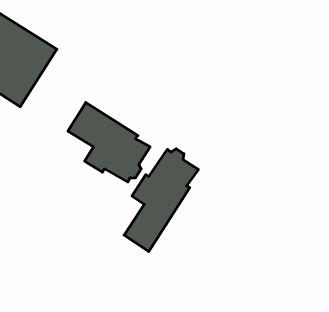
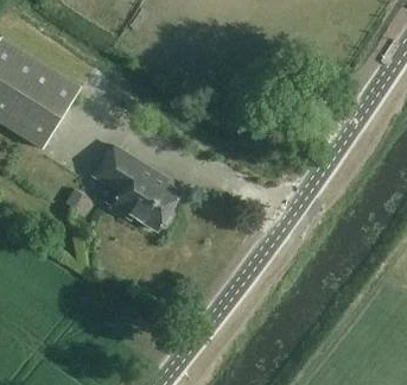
building: [124,149,198,252] -> none

